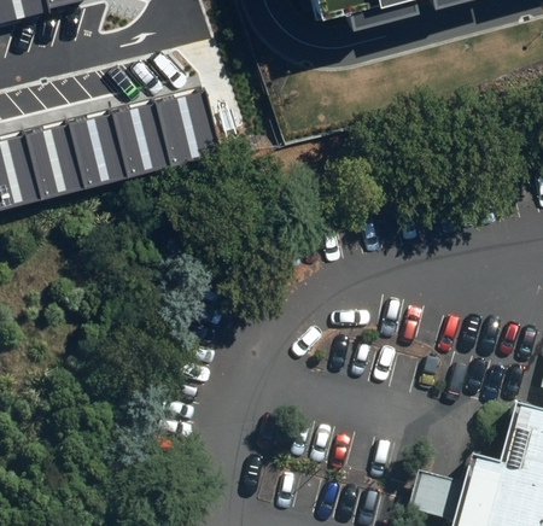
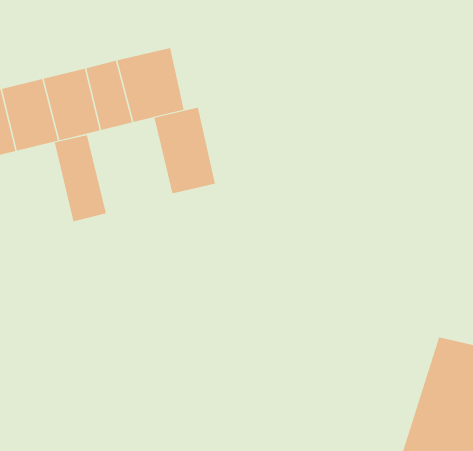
building: none -> [154,107,215,194]
building: none -> [54,134,107,222]

